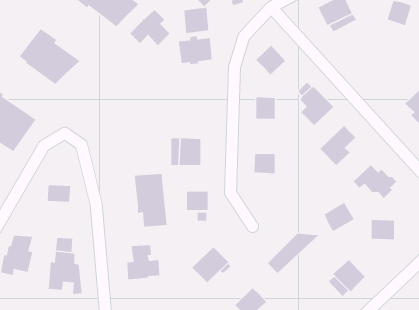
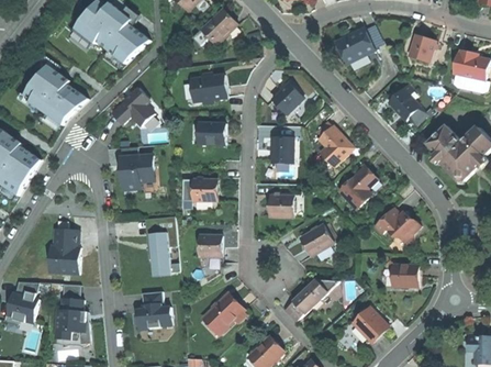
building: [183,7,209,34] -> none
building: [129,9,170,46] -> [111,88,154,126]
building: none -> [388,84,425,123]
building: none -> [200,123,225,144]
building: none -> [120,146,154,189]
building: none -> [48,245,80,274]
building: [324,202,355,232] -> [300,224,333,256]

